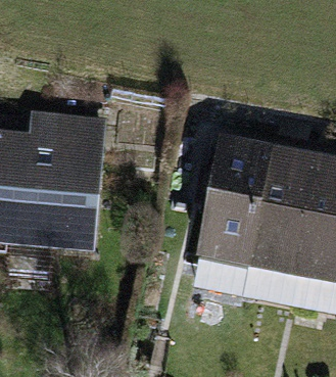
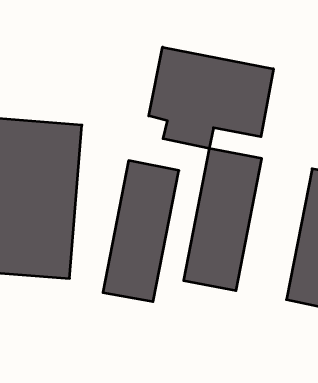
building: none -> [149,47,273,149]
building: [245,145,315,274] -> [103,161,179,302]

